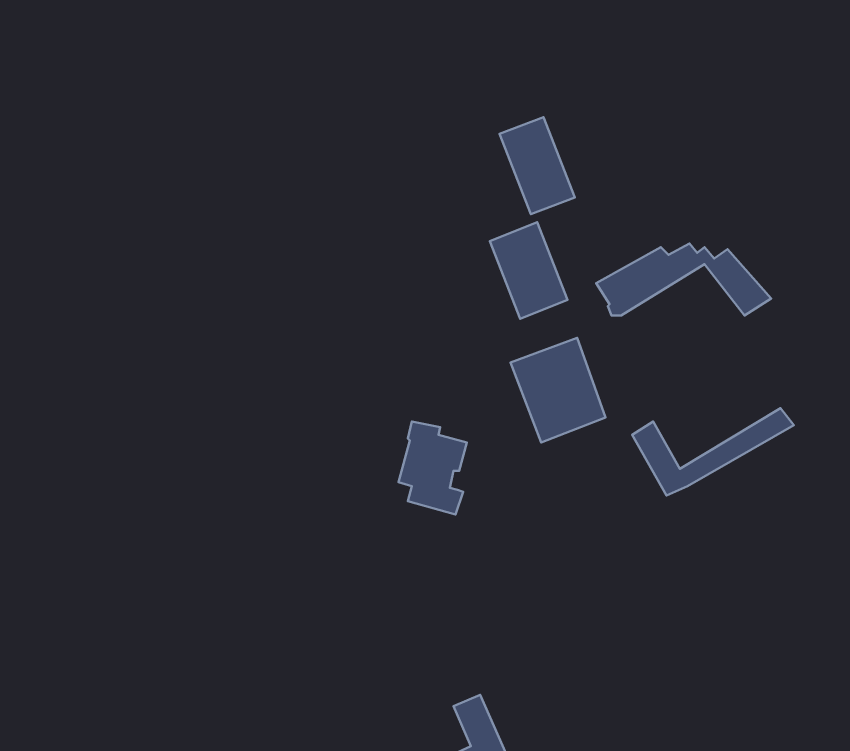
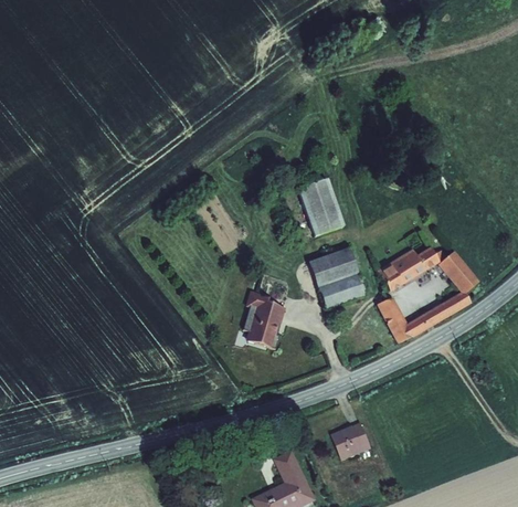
building: [500,117,575,214] -> none
building: [596,243,771,316] -> [380,246,482,288]
building: none -> [330,424,369,460]

